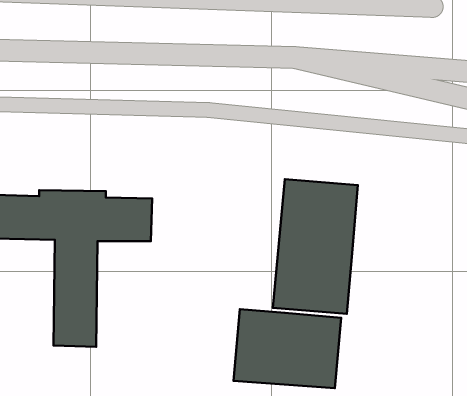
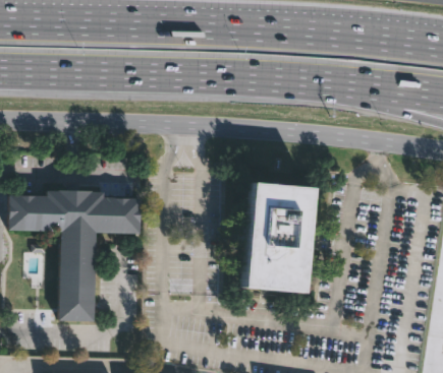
building: [234,309,341,388] -> none

